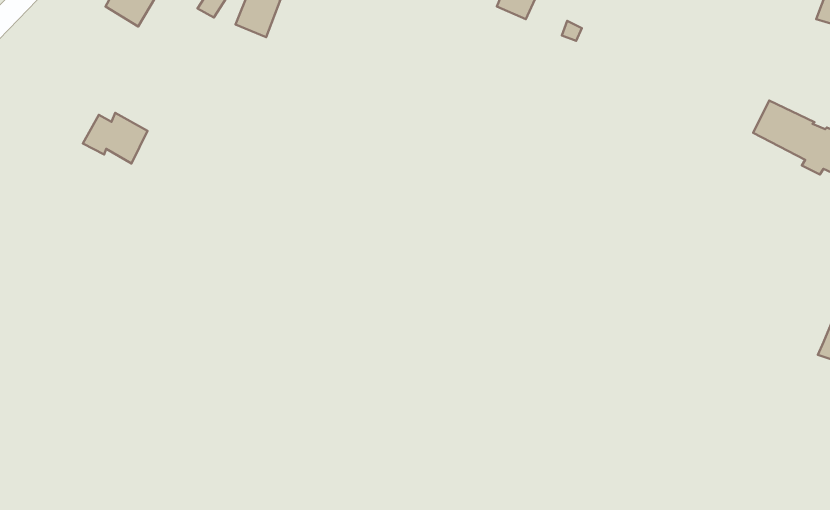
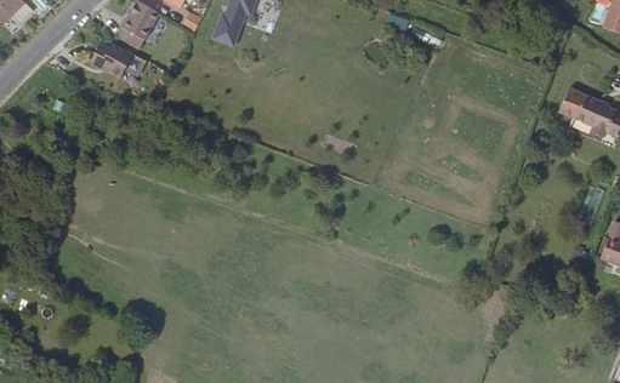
building: [83,113,148,163] -> [89,41,132,75]

